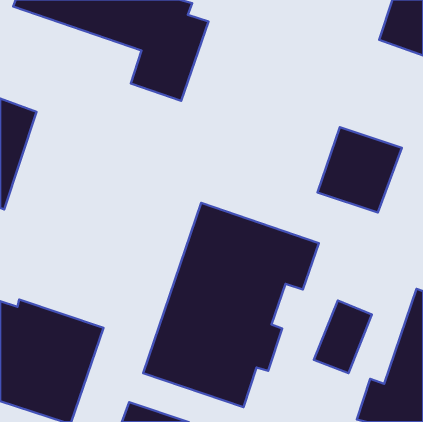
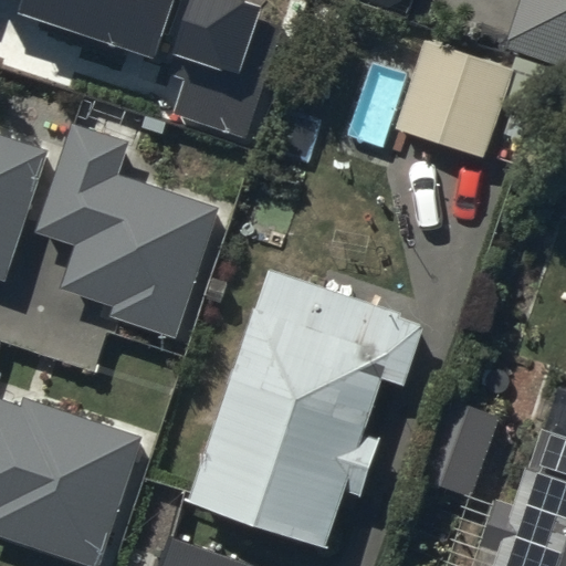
building: none -> [38,125,218,335]
building: [318,127,402,212] -> [397,51,510,165]

